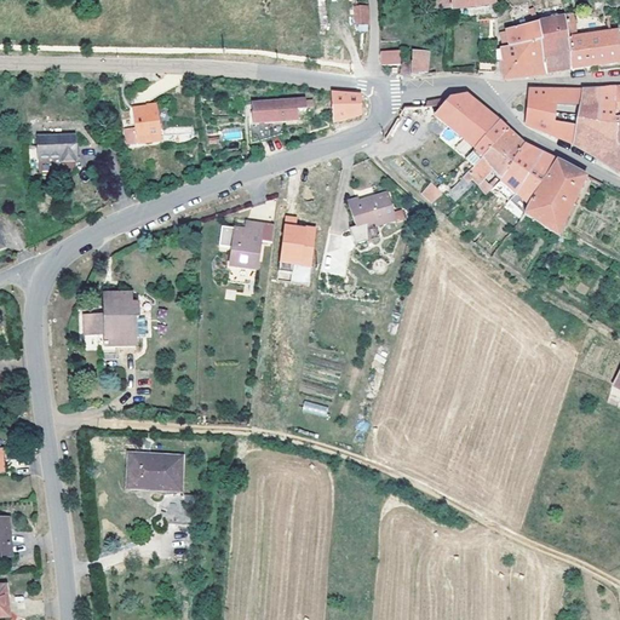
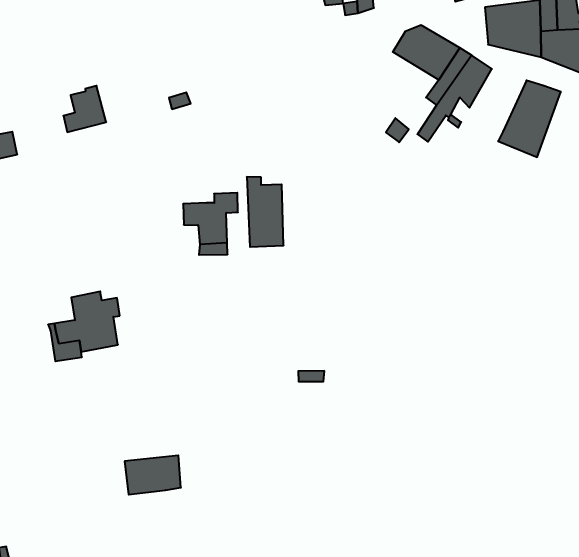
building: [333,91,362,121] -> none
building: [252,94,309,140] -> none
building: [501,144,558,203] -> none
building: [346,189,395,240] -> none

